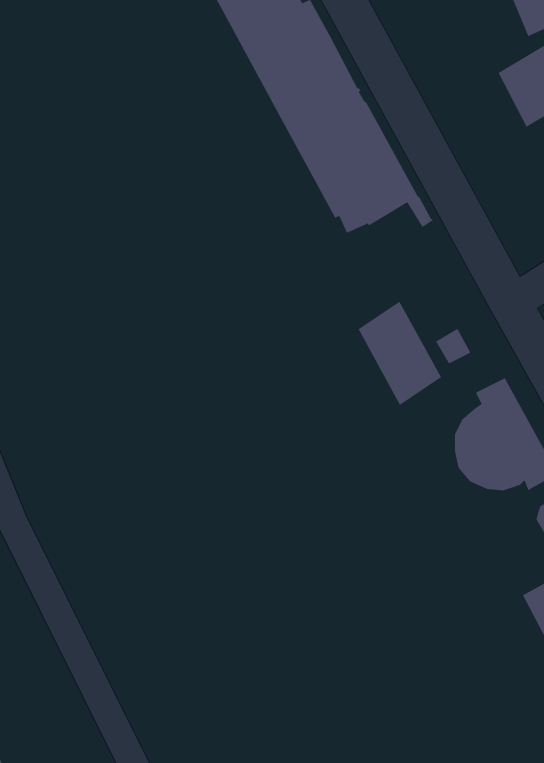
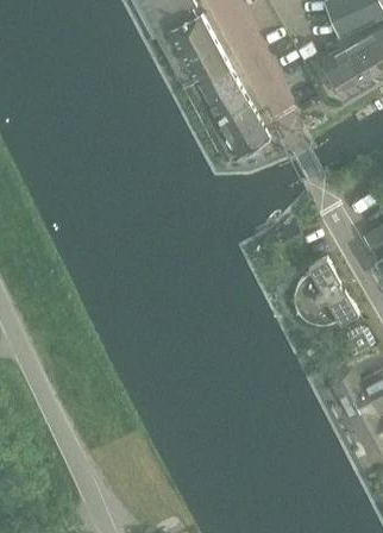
building: [358,301,442,406] -> none

